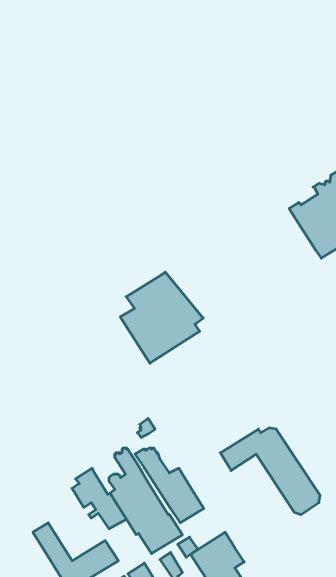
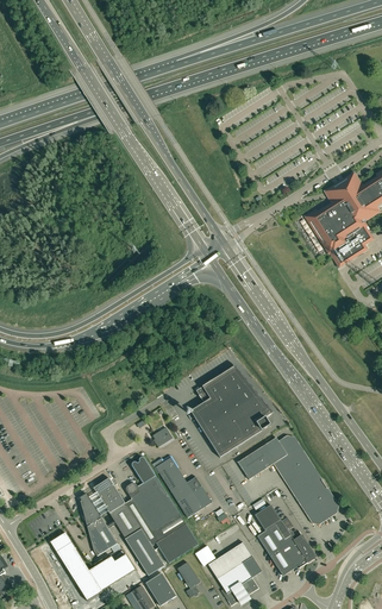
building: [120,272,203,363] -> [190,365,274,457]
building: none -> [80,492,118,555]
building: none -> [255,504,317,575]
building: none -> [125,528,164,576]

